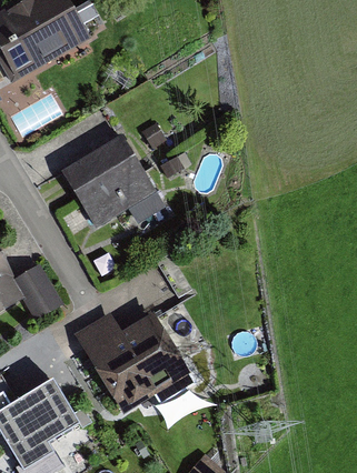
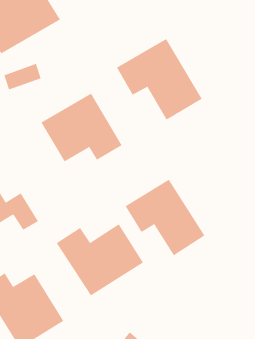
building: none -> [116,38,202,121]
building: none -> [125,179,205,256]

